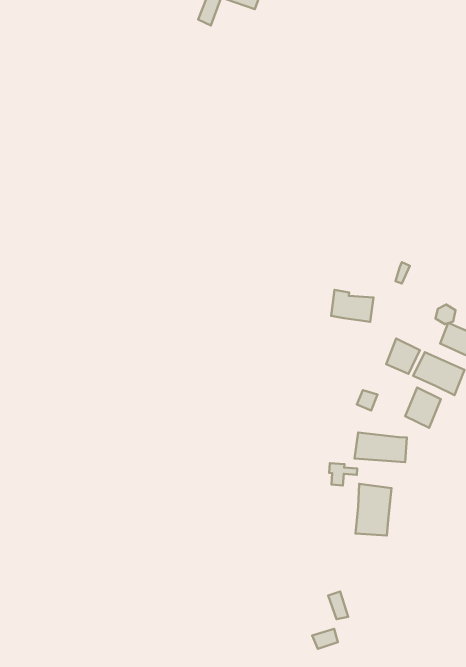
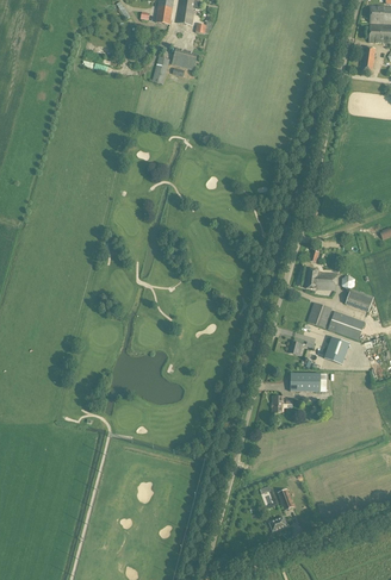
building: [331,290,373,322] -> [305,268,335,289]
building: [356,484,392,535] -> none

